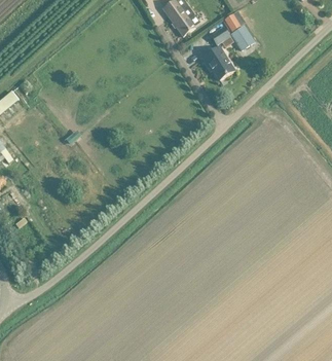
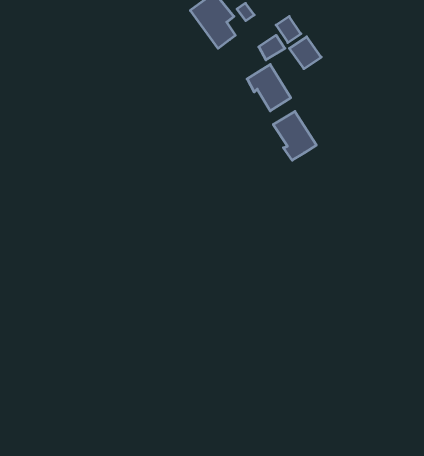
building: none -> [273,111,316,160]

